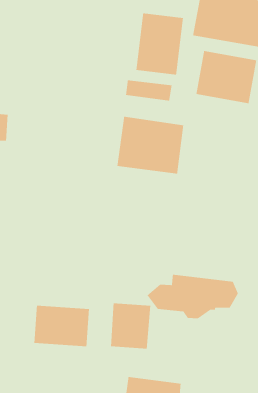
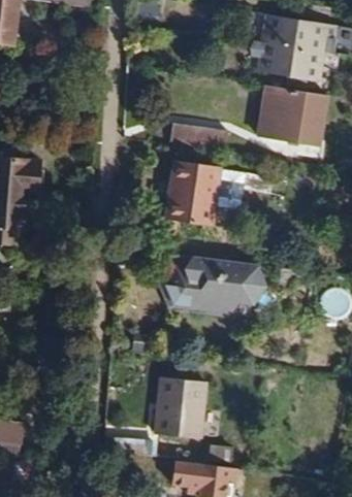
building: [136,13,184,75] -> none
building: [146,274,239,319] -> [160,266,267,319]
building: [33,305,90,347] -> none

